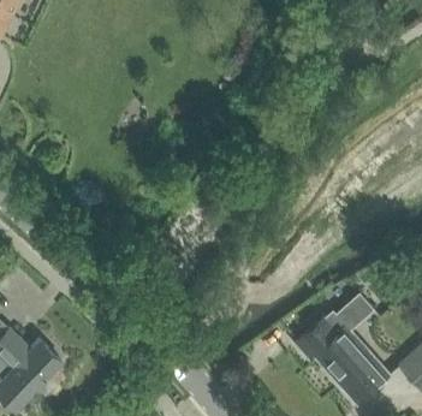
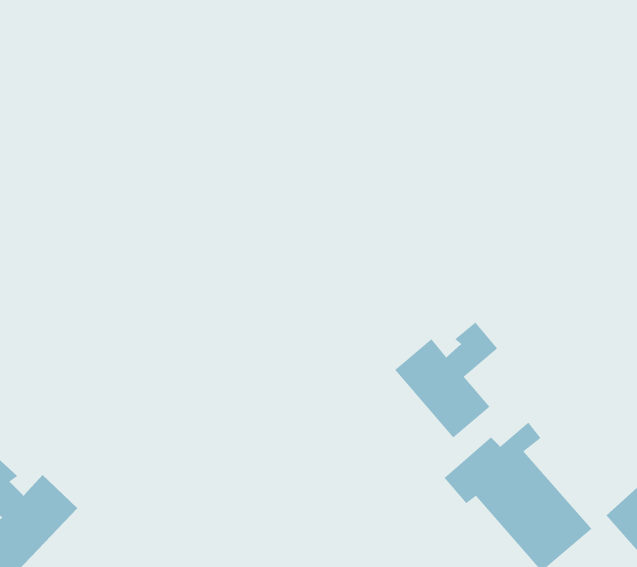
building: none -> [394,322,498,439]

